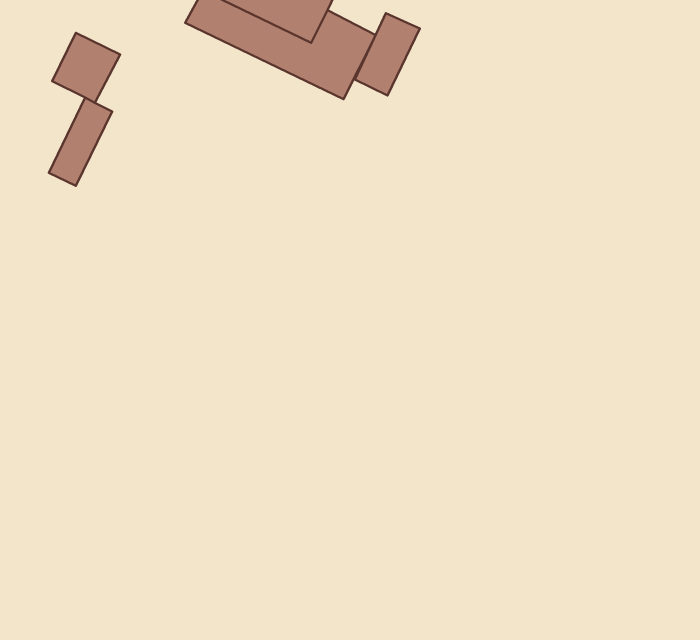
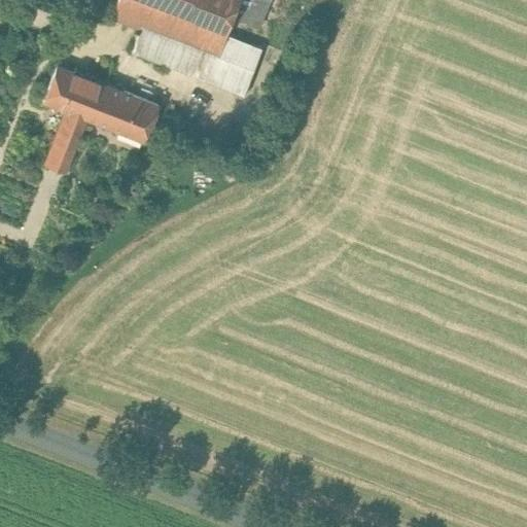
building: [355,13,420,95] -> none
building: none -> [74,77,159,140]

